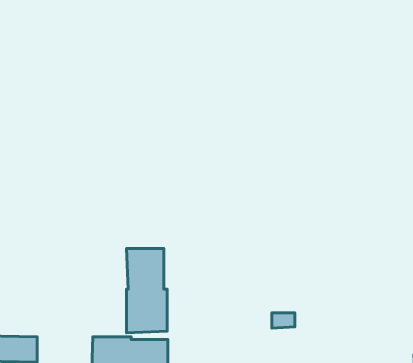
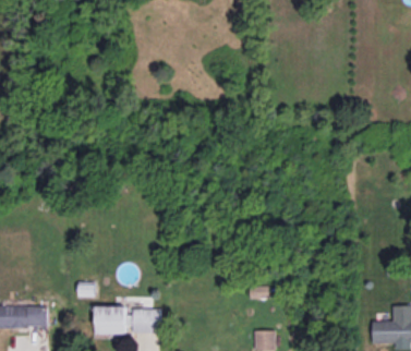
building: [126,249,167,333] -> none

